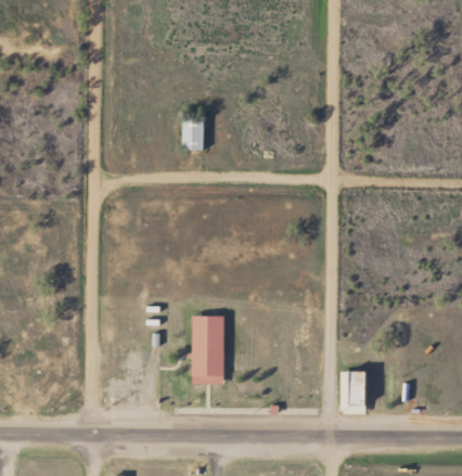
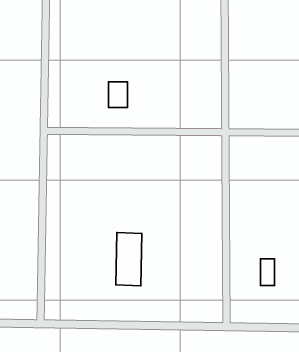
building: [347,372,365,407] -> [260,259,275,285]

